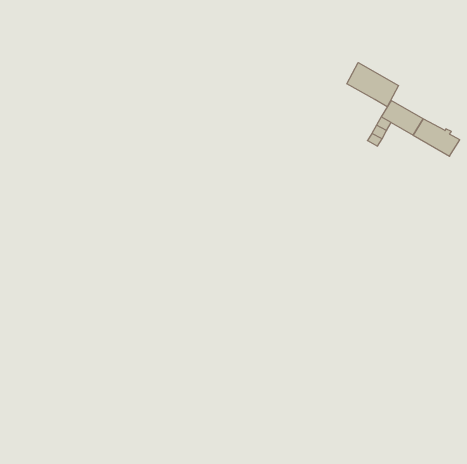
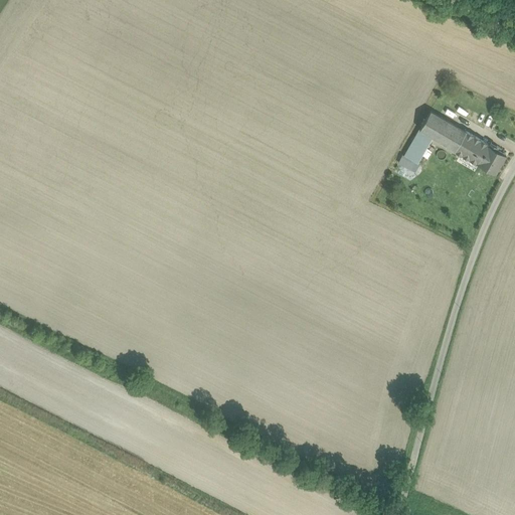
building: [347,63,399,107] -> none

